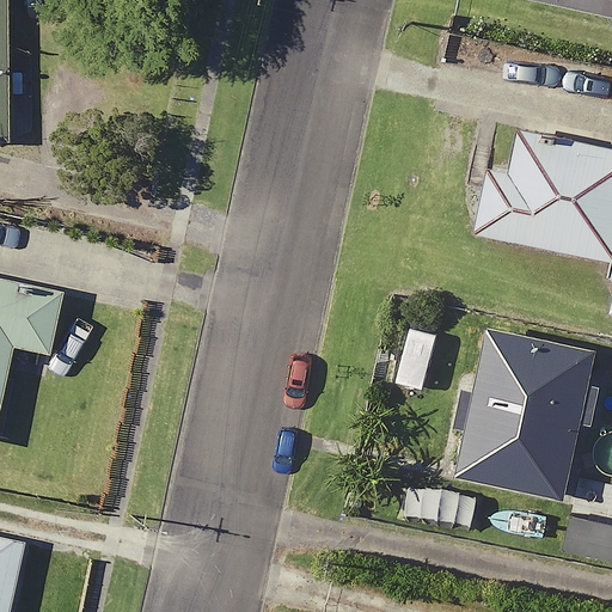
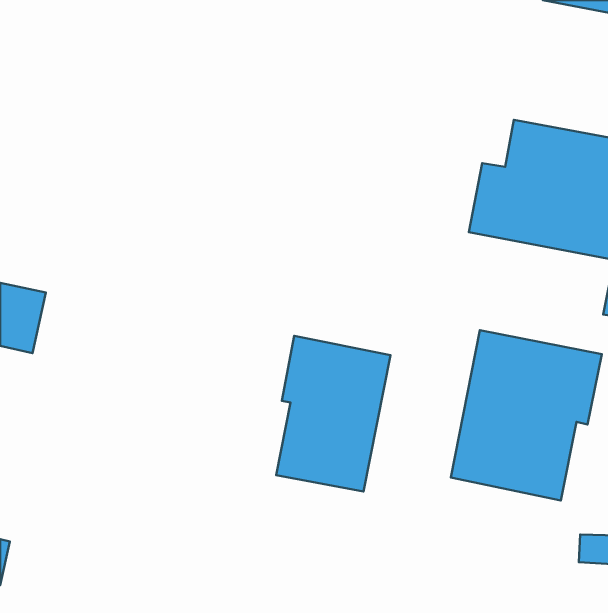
building: none -> [276,336,391,491]

